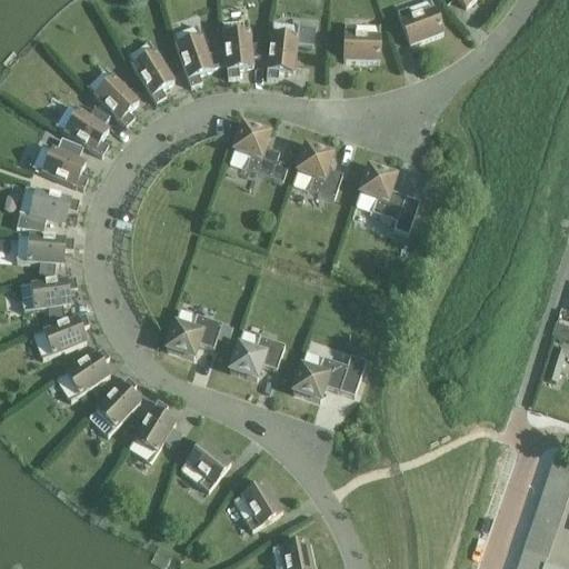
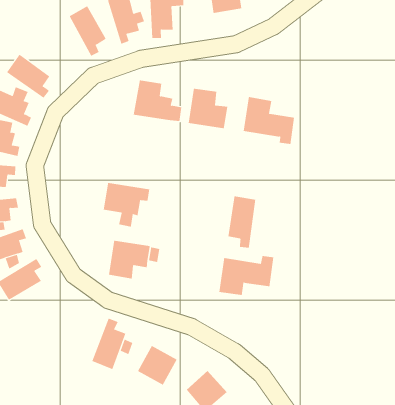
building: [127,41,173,102] -> none
building: none -> [103,182,150,228]
building: none -> [228,196,256,248]
building: [229,330,284,379] -> none
building: [56,347,109,400] -> none
building: [88,377,140,435] -> none

